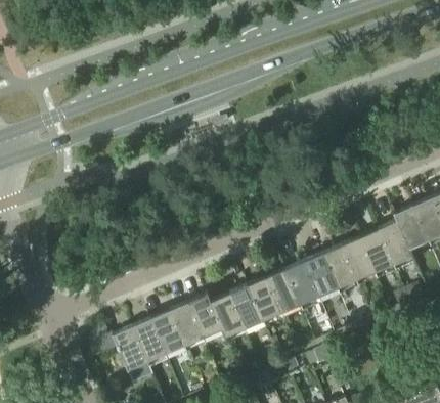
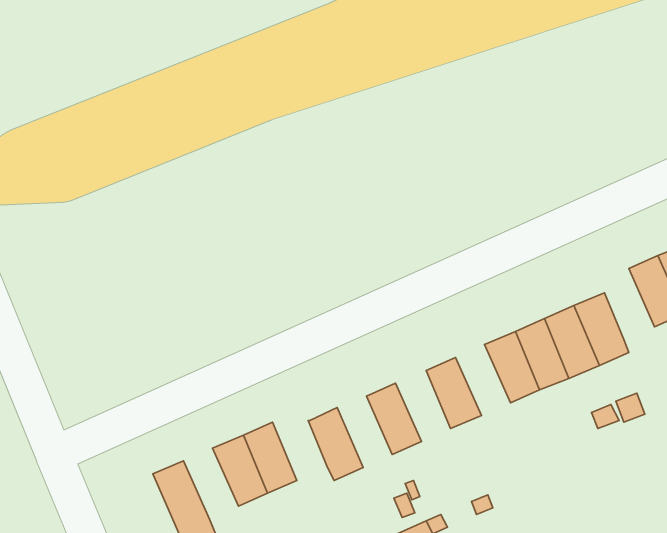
building: [395,205,430,250] -> none
building: [304,253,339,298] -> none
building: [266,269,301,314] -> none
building: [229,285,264,330] -> none
building: [188,294,223,339] -> none
building: [132,318,167,363] -> none

